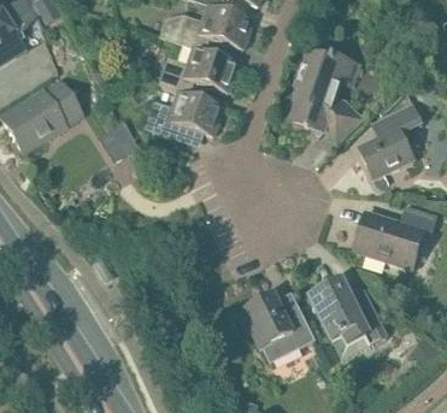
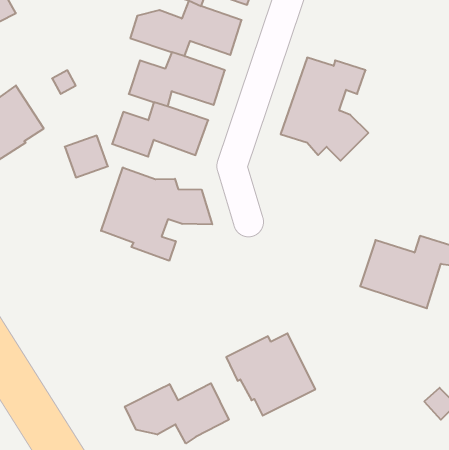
building: [360,104,425,177] -> none
building: none -> [101,167,212,261]
building: [311,278,387,358] -> none
building: none -> [125,383,229,443]

